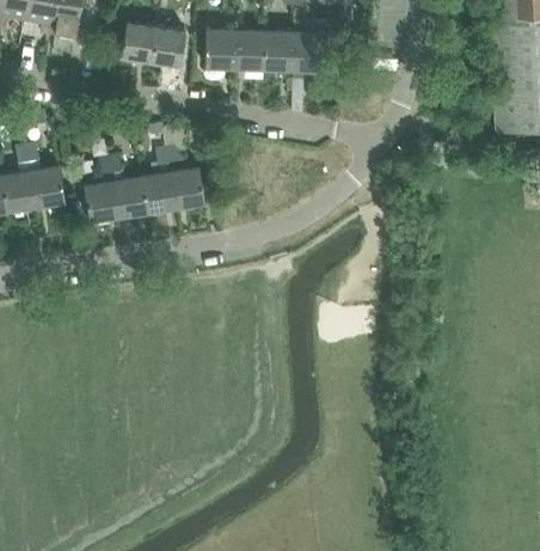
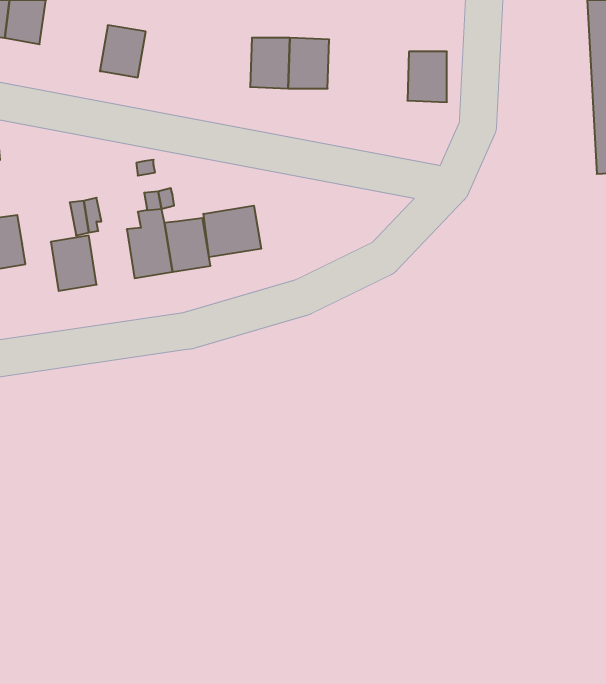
building: [121,26,185,68] -> none
building: [204,30,235,68] -> none
building: [293,32,323,71] -> [407,52,447,102]
building: none -> [203,206,261,257]
building: [112,176,147,218] -> none

